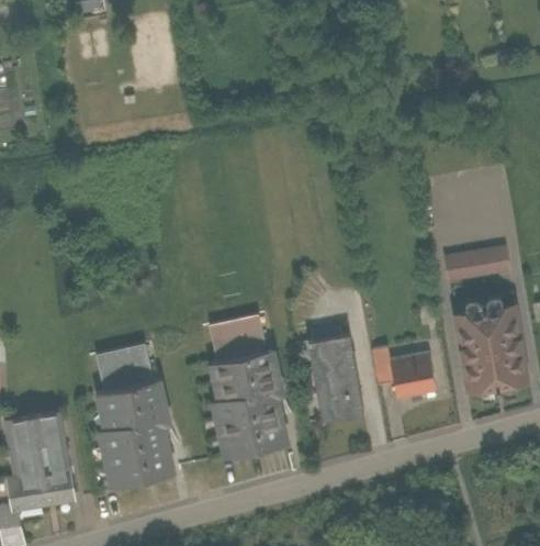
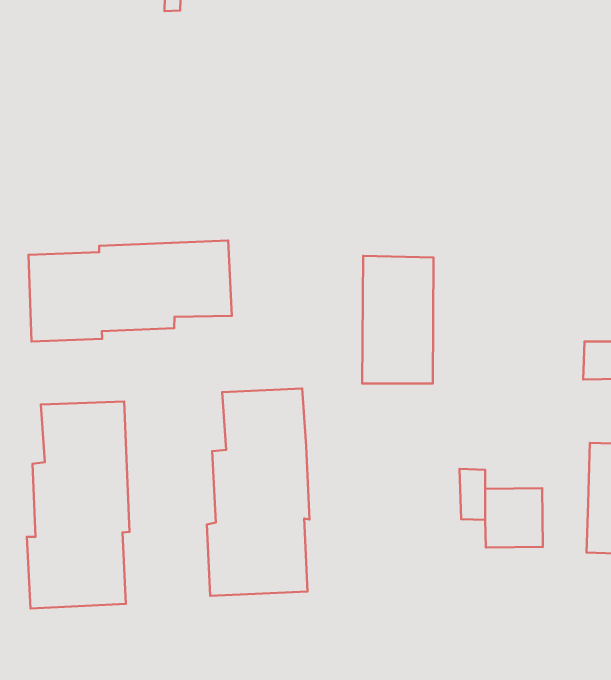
building: none -> [28,240,232,341]
building: [303,333,361,421] -> [362,256,434,384]

